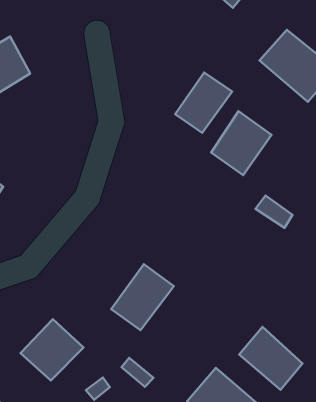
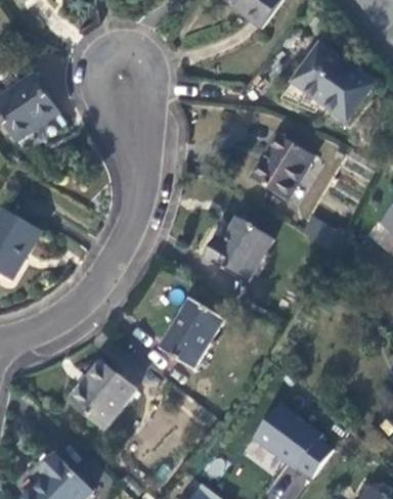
building: [175,73,232,133] -> none
building: none -> [205,218,273,281]
building: [239,327,302,390] -> none

